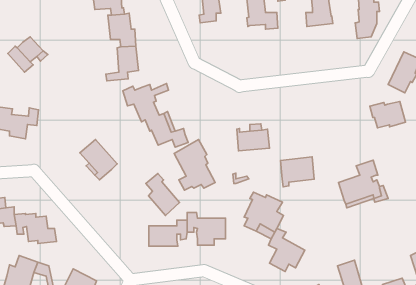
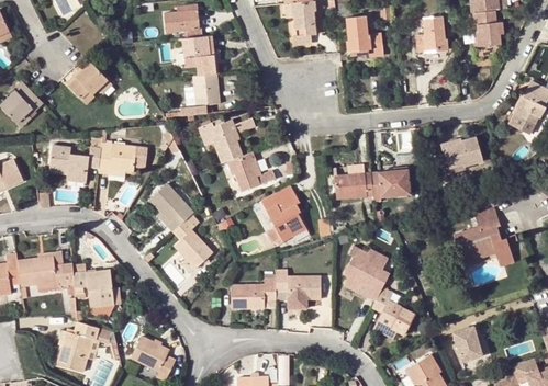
building: [370,102,405,128] -> [440,137,482,168]
building: none -> [98,140,148,174]
building: [280,157,314,187] -> [370,168,410,203]
building: [146,173,179,215] -> [172,219,212,269]

